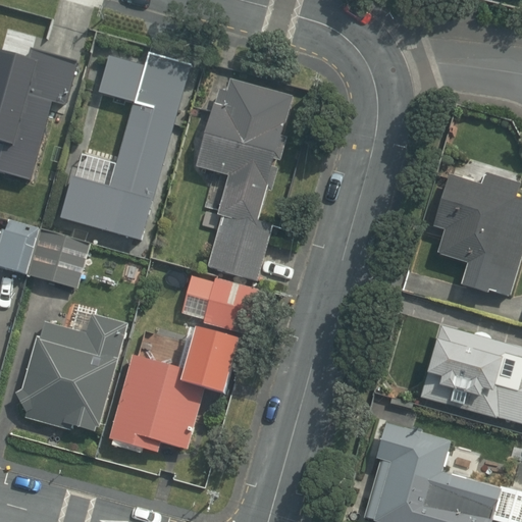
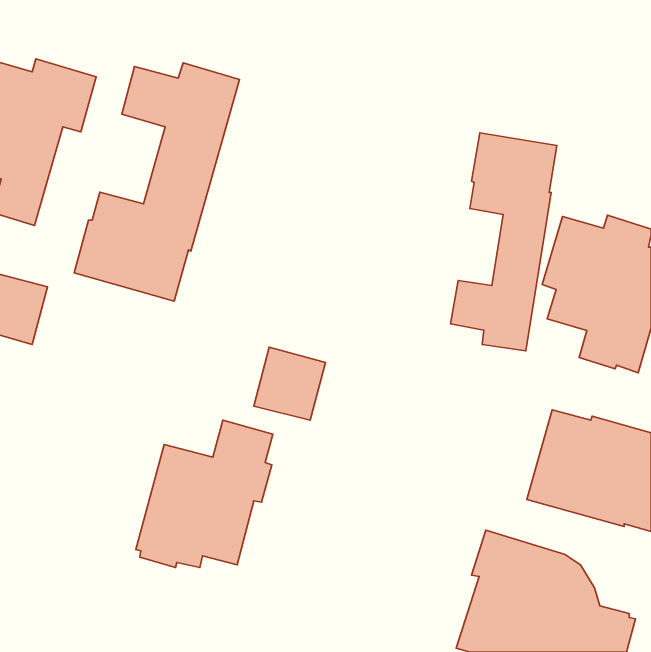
building: [198,79,294,278] -> none
building: none -> [451,133,557,351]
building: [25,228,90,289] -> none
building: [15,312,125,430] -> none

